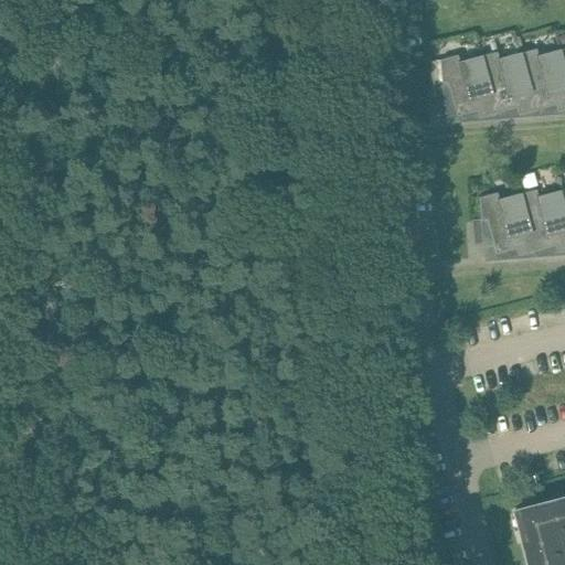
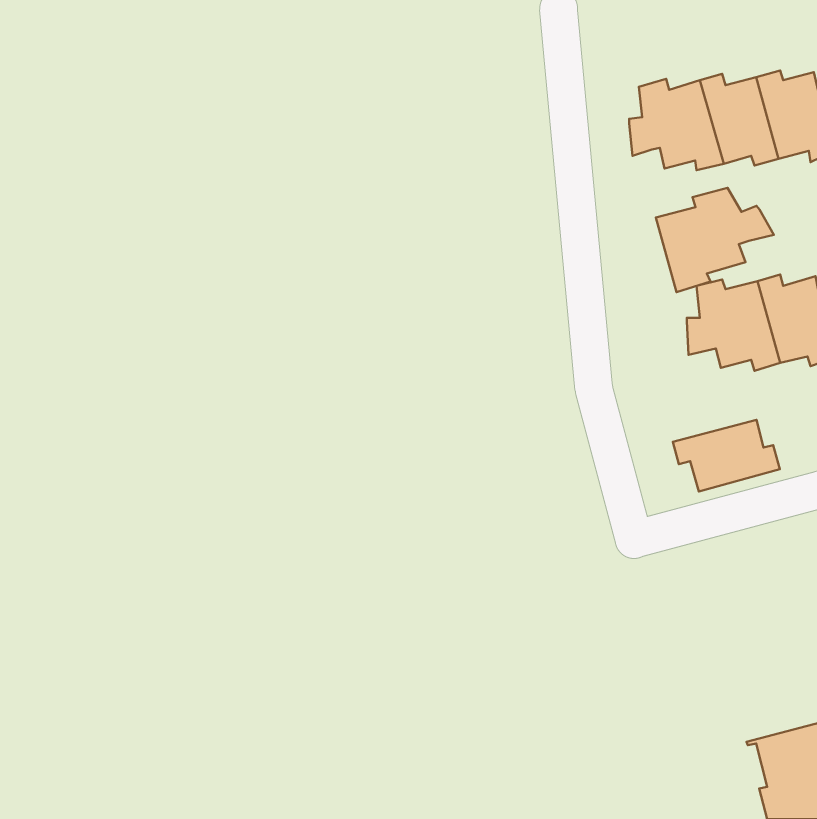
building: none -> [656,188,774,292]
building: none -> [673,420,780,492]

